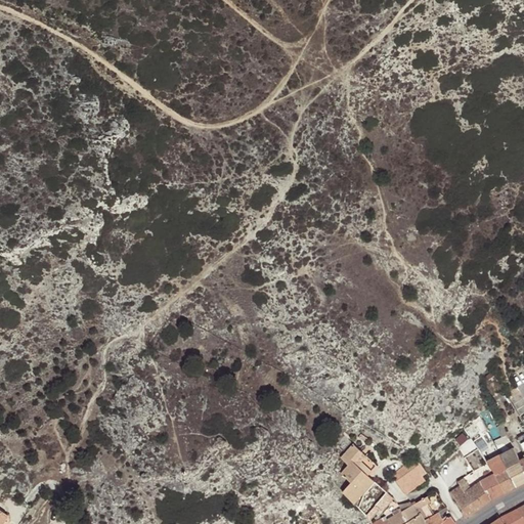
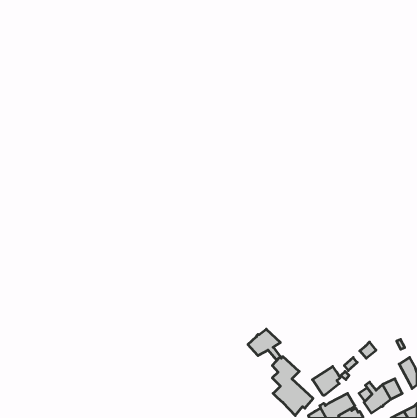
building: none -> [248,329,281,360]
building: [486,455,516,492] -> none

